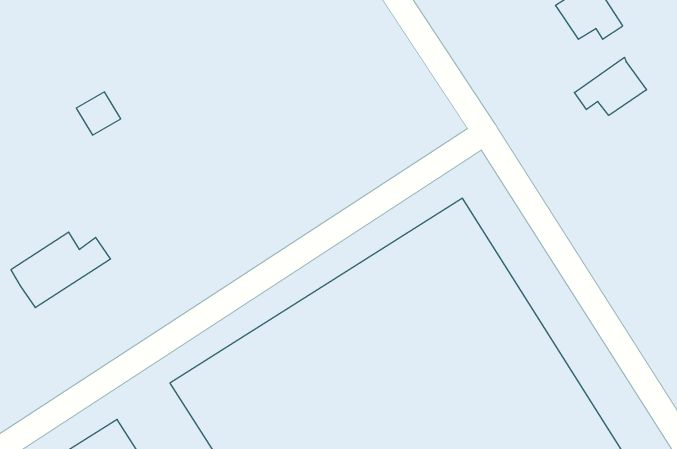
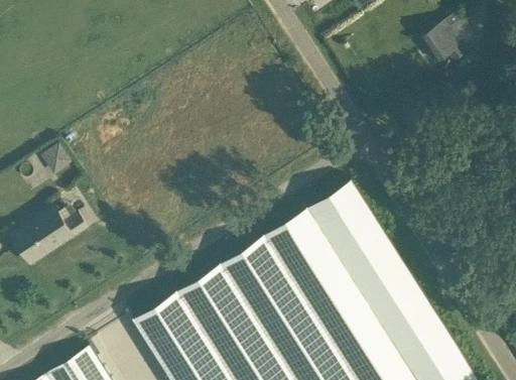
building: [574,57,647,115] -> none
building: [76,92,121,135] -> [41,141,75,173]

